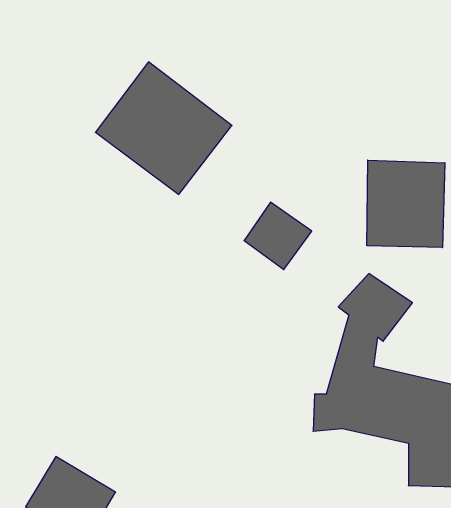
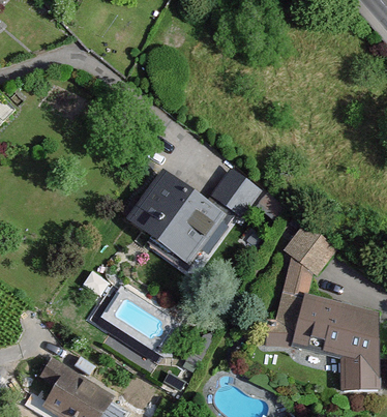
building: [95,62,232,194] -> [124,167,231,270]
building: [367,160,445,248] -> none

